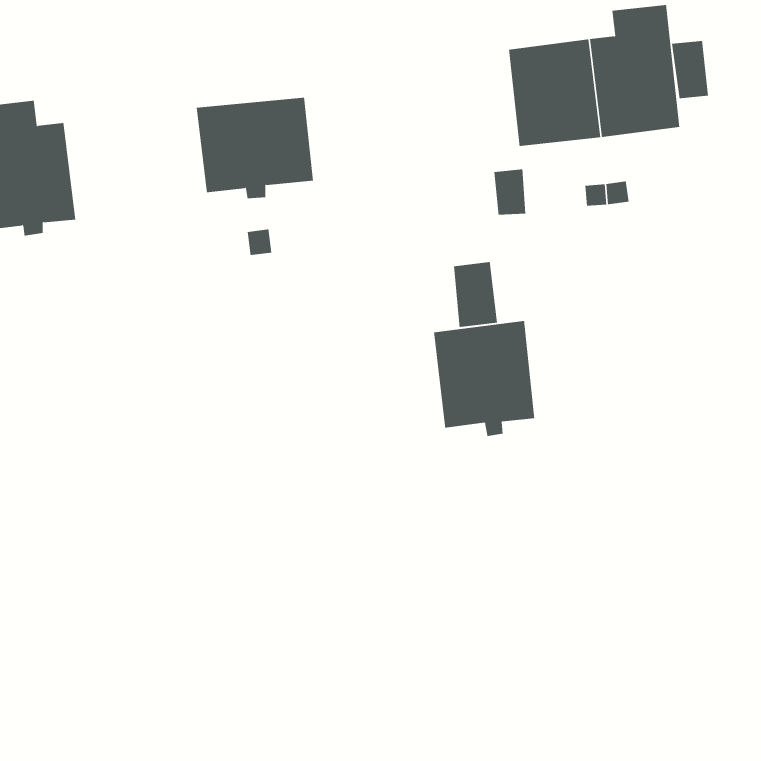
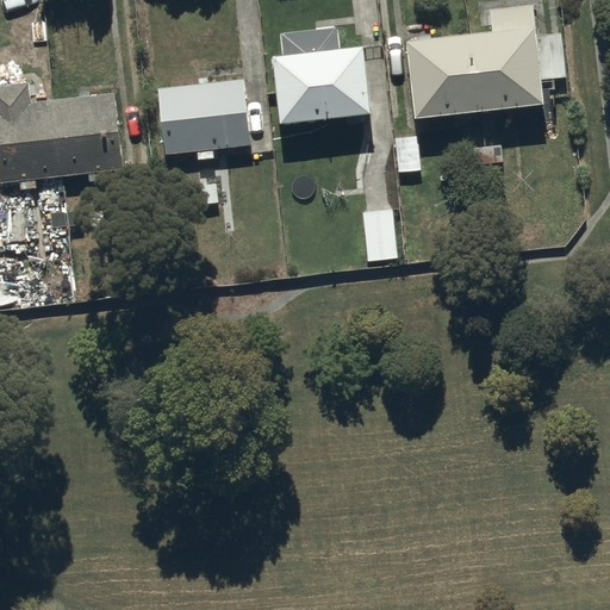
building: none -> [270,27,371,124]
building: none -> [51,93,123,183]
building: [434,320,535,437] -> none

